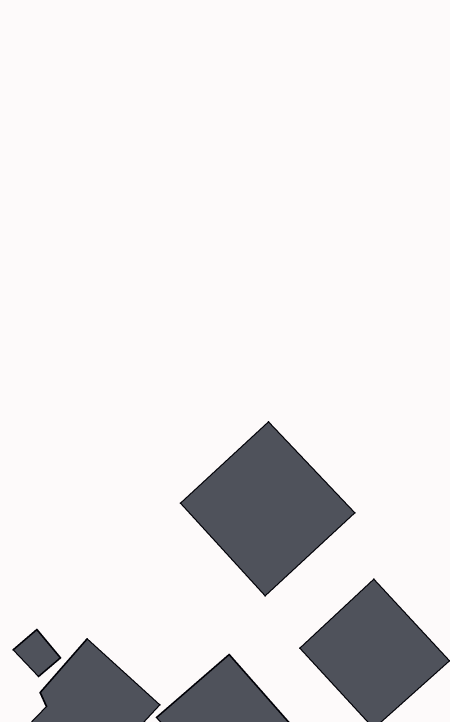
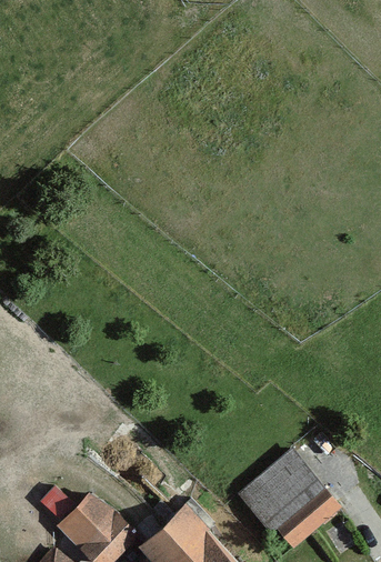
building: [180,422,355,596] -> none

